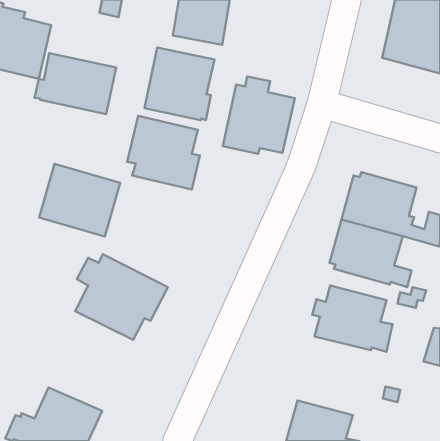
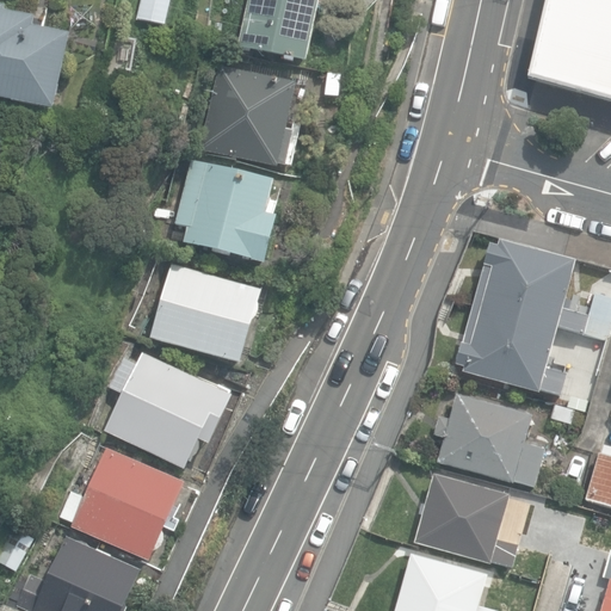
building: [35,53,116,114] -> none
building: [223,77,295,154] -> none
building: [39,164,120,236] -> [149,263,261,363]
building: none -> [60,445,185,561]
building: none -> [414,474,517,566]

